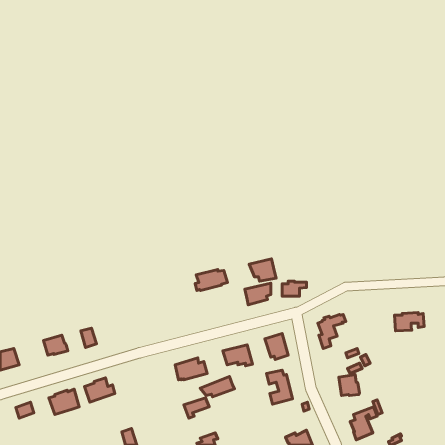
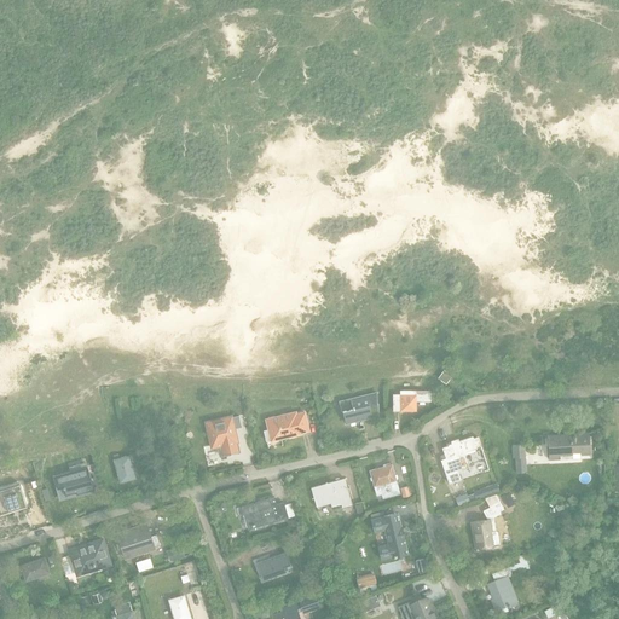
building: [249,259,276,281] -> none
building: [195,269,227,290] -> [264,412,308,441]
building: none -> [207,420,243,459]
building: [200,377,235,397] -> none

